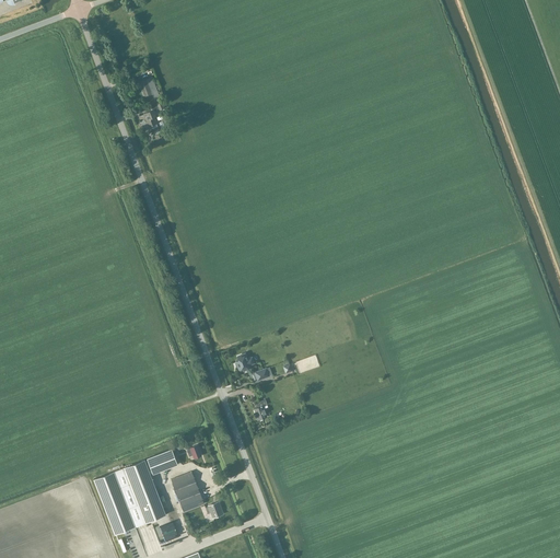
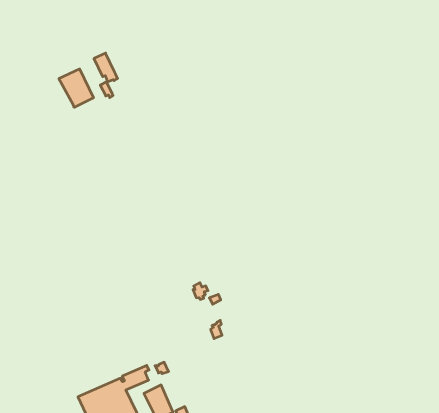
building: none -> [59,69,93,107]

